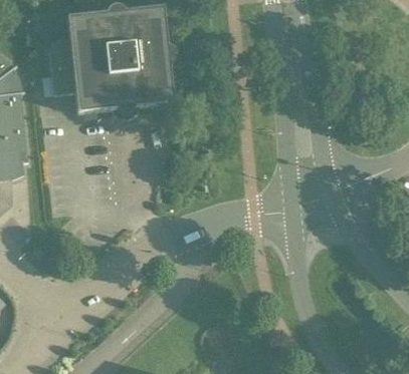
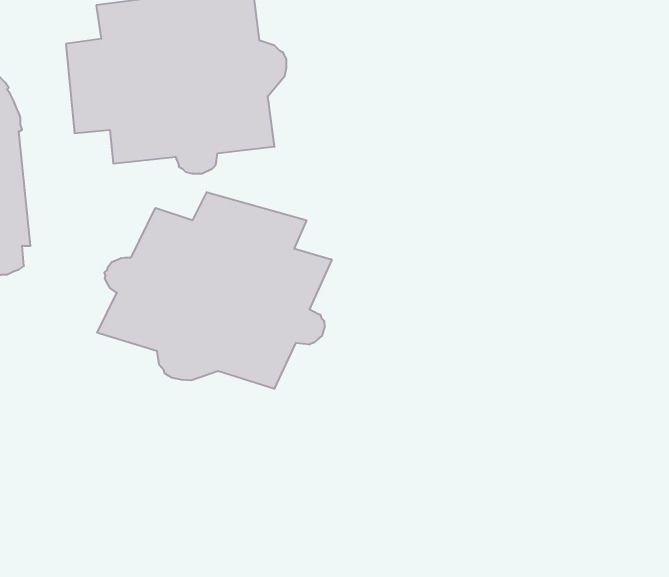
building: none -> [97,192,332,389]

